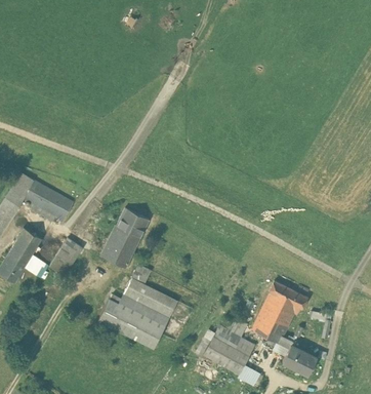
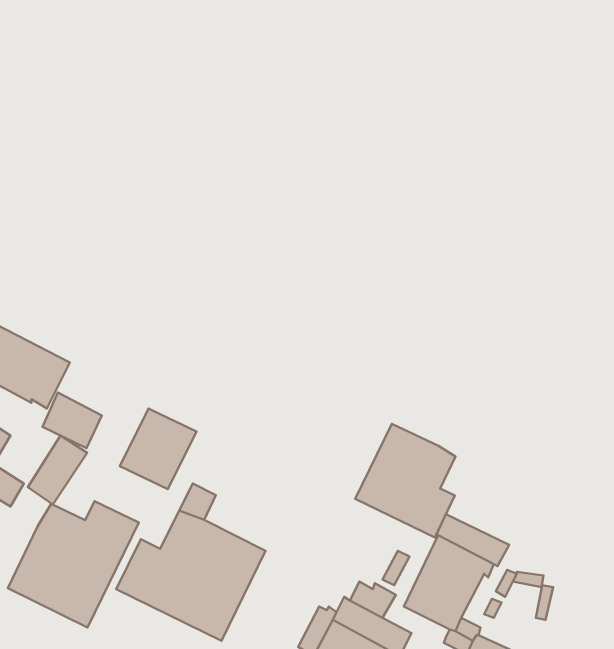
building: [118,207,150,237] -> [42,392,102,448]
building: none -> [355,424,455,537]
building: none -> [8,501,139,627]

